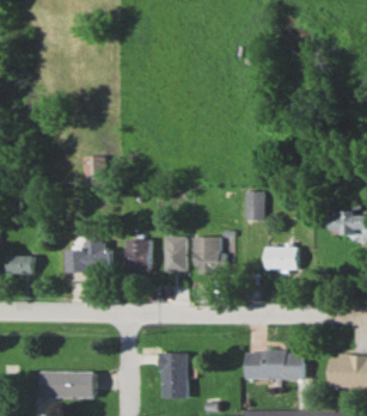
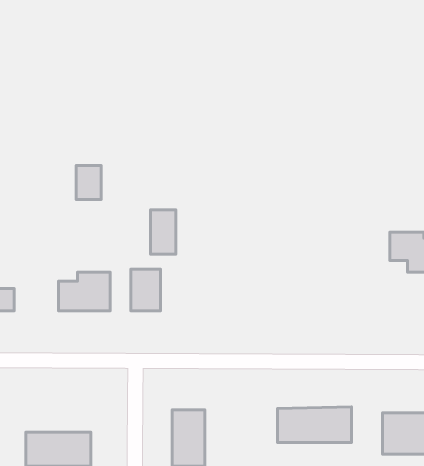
building: [246,190,264,220] -> none
building: [165,235,185,271] -> [151,210,176,254]
building: [194,237,221,273] -> none
building: [267,246,300,270] -> none

